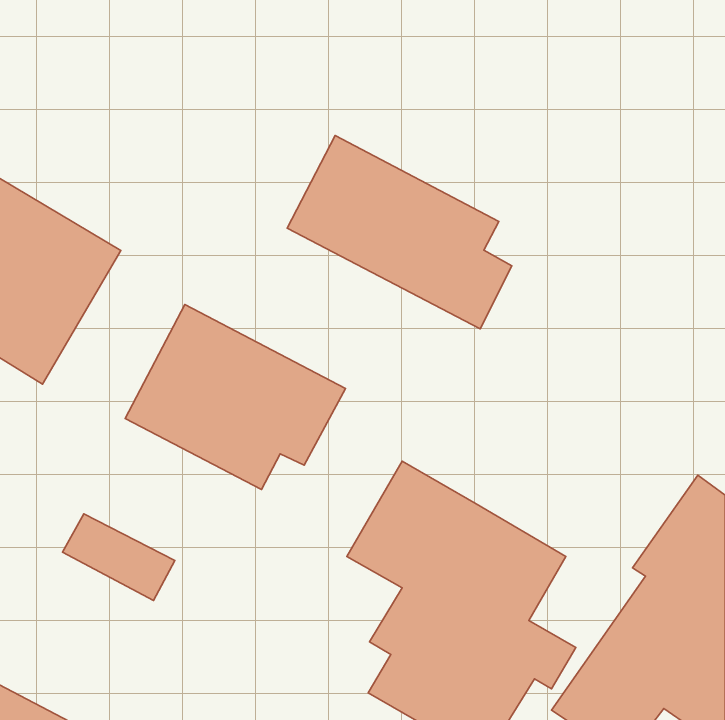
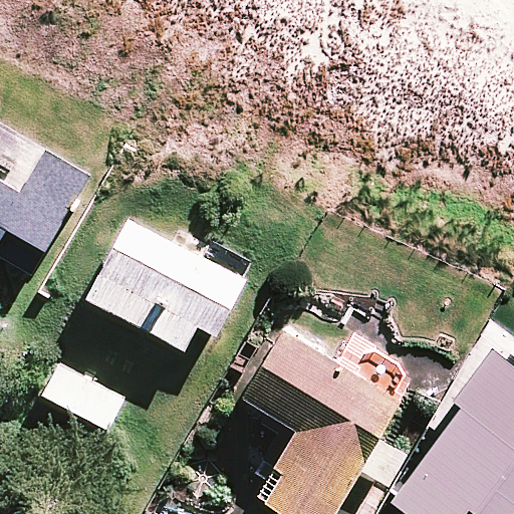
building: [287,136,512,329] -> none

